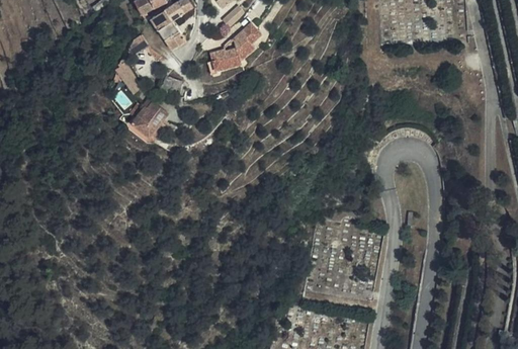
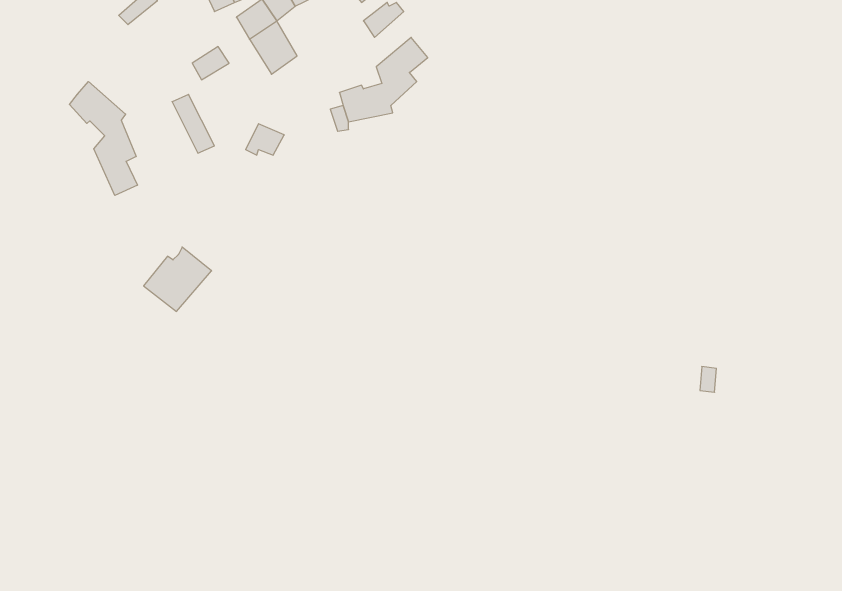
building: none -> [69,82,137,195]
building: [127,103,165,139] -> [144,247,212,311]

